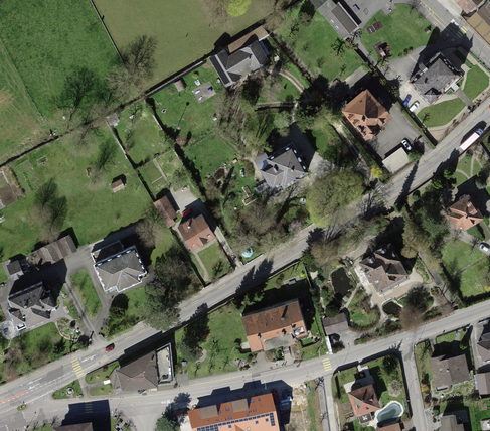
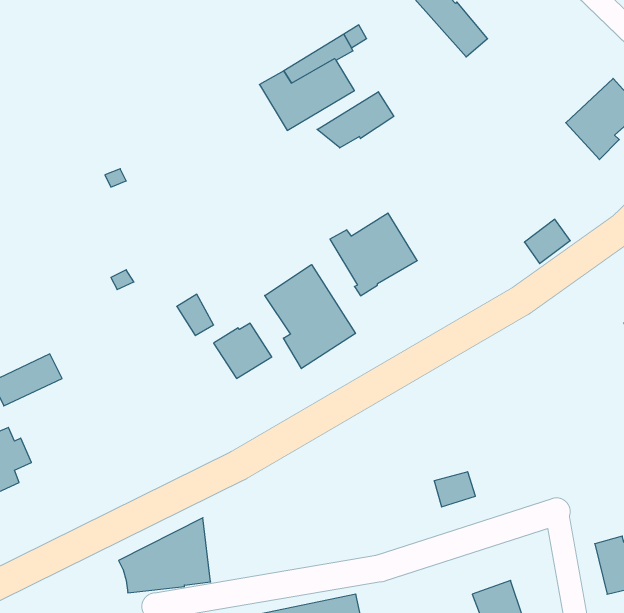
building: none -> [317,92,394,148]
building: [339,88,390,142] -> none
building: none -> [265,265,355,369]
building: [91,239,148,291] -> none
building: [359,242,409,292] -> none
building: [240,299,309,351] -> none

